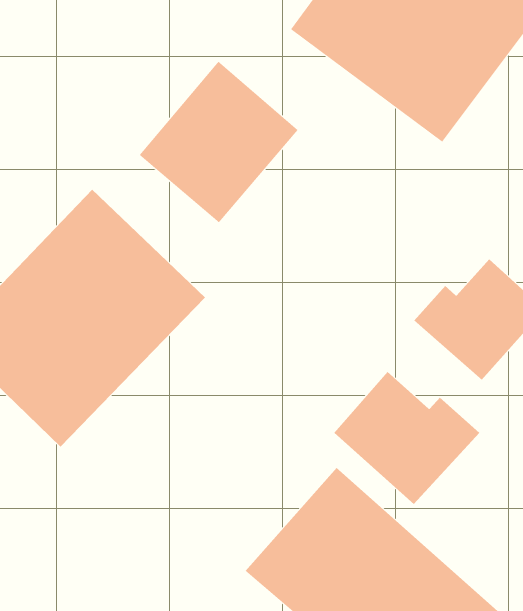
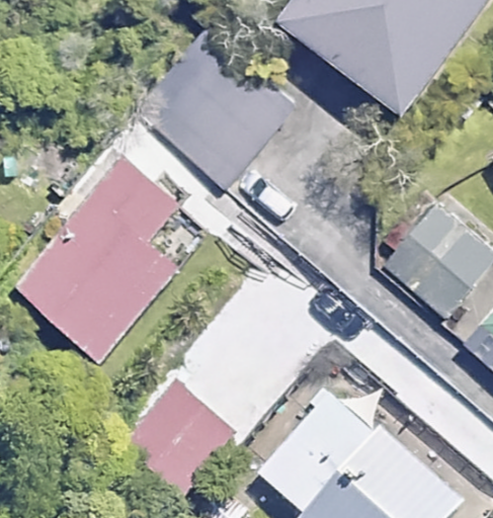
building: [334,371,480,505] -> none
building: none -> [115,375,232,493]

